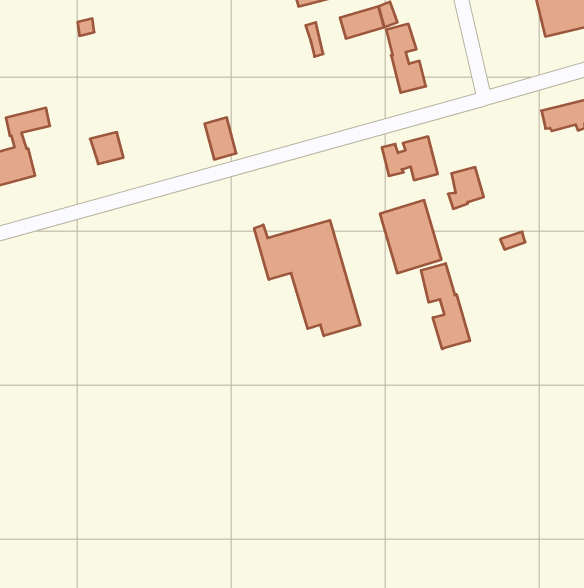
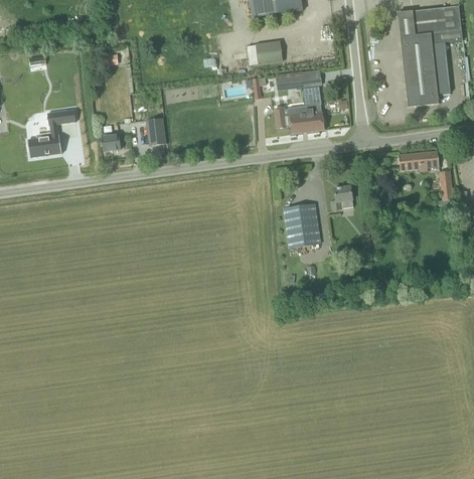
building: [205,118,236,159] -> [147,118,165,144]
building: [382,137,438,180] -> [274,105,308,132]
building: [254,220,360,336] -> none
building: [421,263,470,349] -> none

